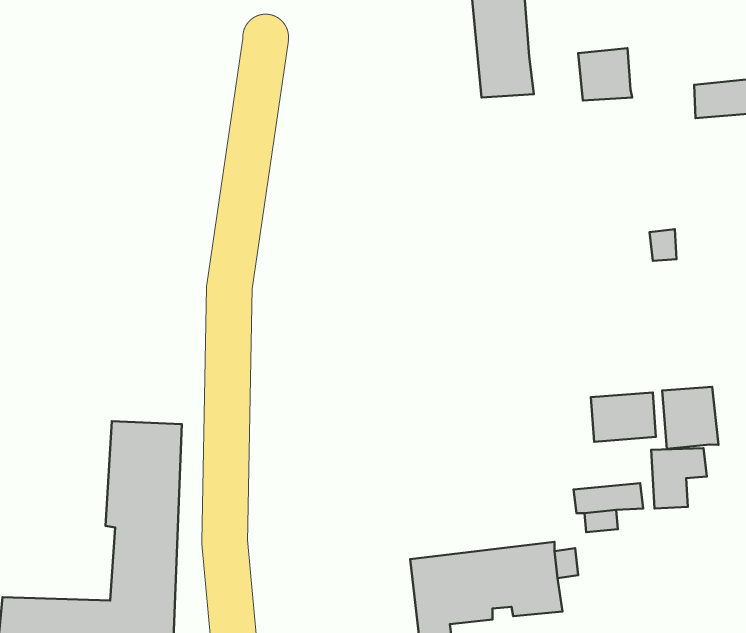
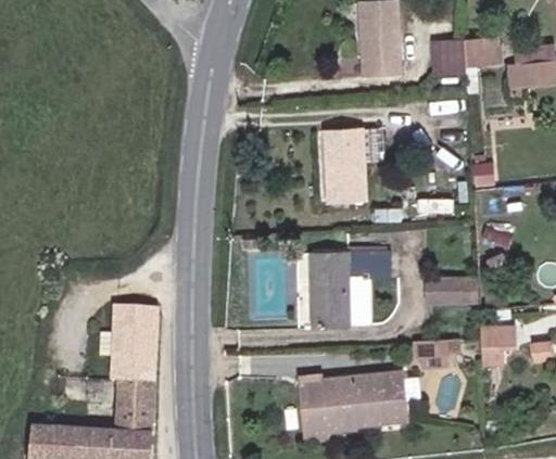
building: none -> [462,38,495,68]
building: none -> [327,133,366,205]
building: none -> [316,256,392,333]
building: [662,387,718,449] -> none

